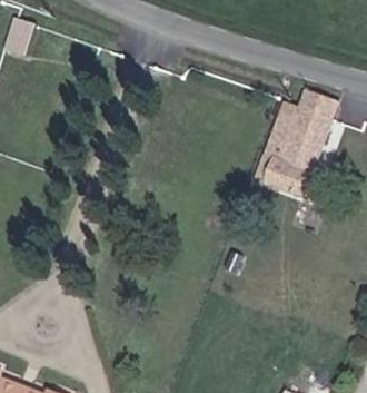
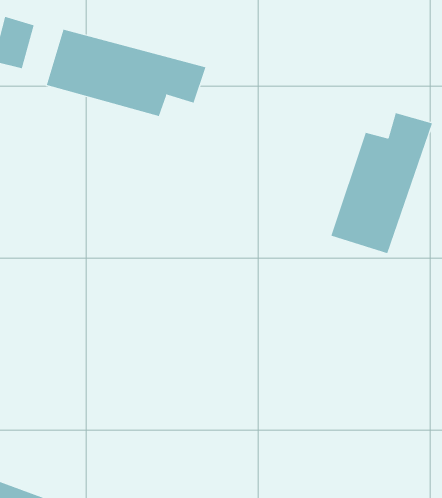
building: none -> [46,29,206,117]

